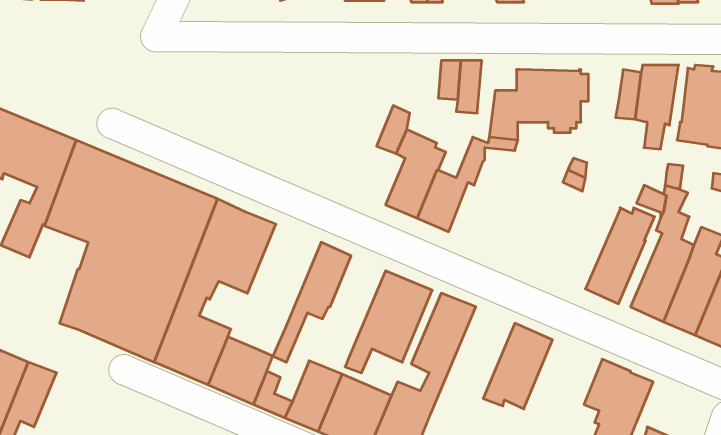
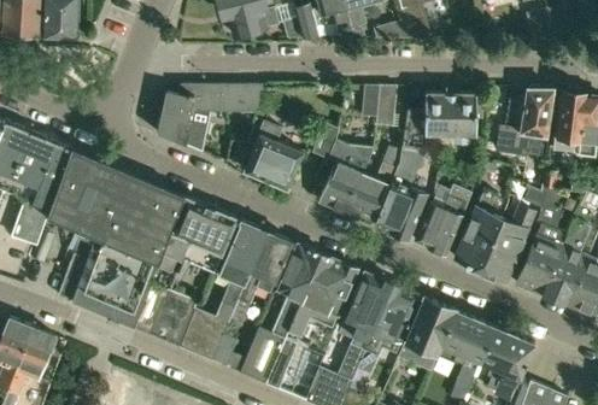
building: none -> [157,84,265,149]
building: none -> [244,122,303,188]
building: none -> [374,155,427,239]
building: none -> [414,187,470,254]
building: none -> [453,189,508,269]
building: none -> [216,221,268,323]
building: none -> [277,245,319,325]
building: none -> [356,283,420,374]
building: none -> [432,310,493,370]

